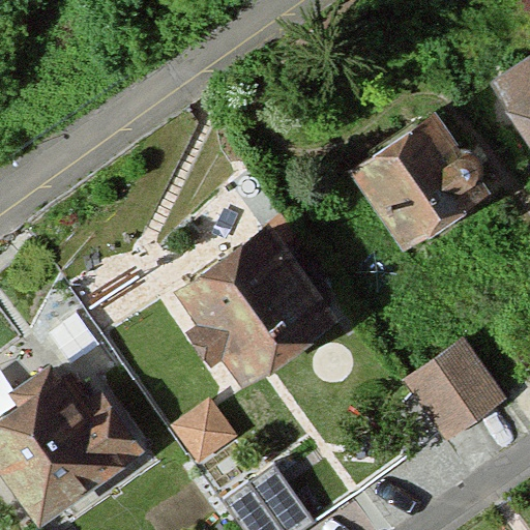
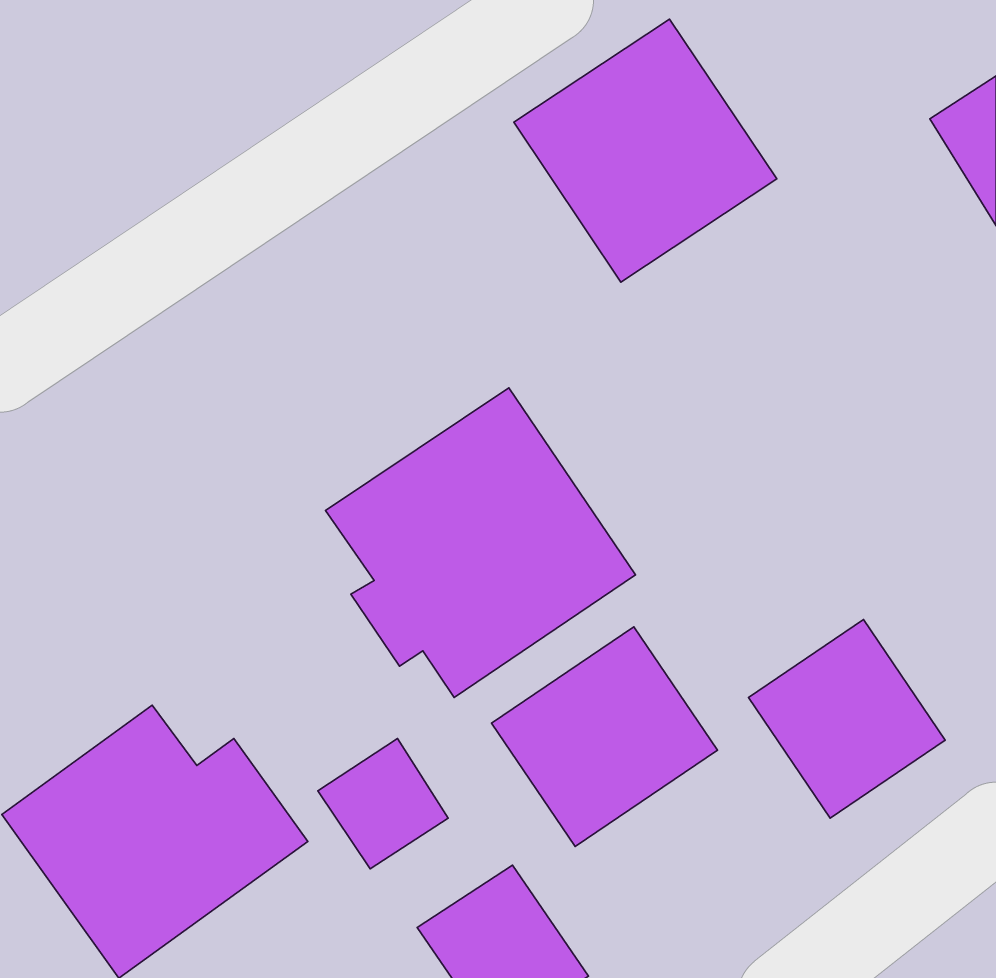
building: [351,111,491,251] -> [514,19,777,282]
building: none -> [491,627,717,847]

